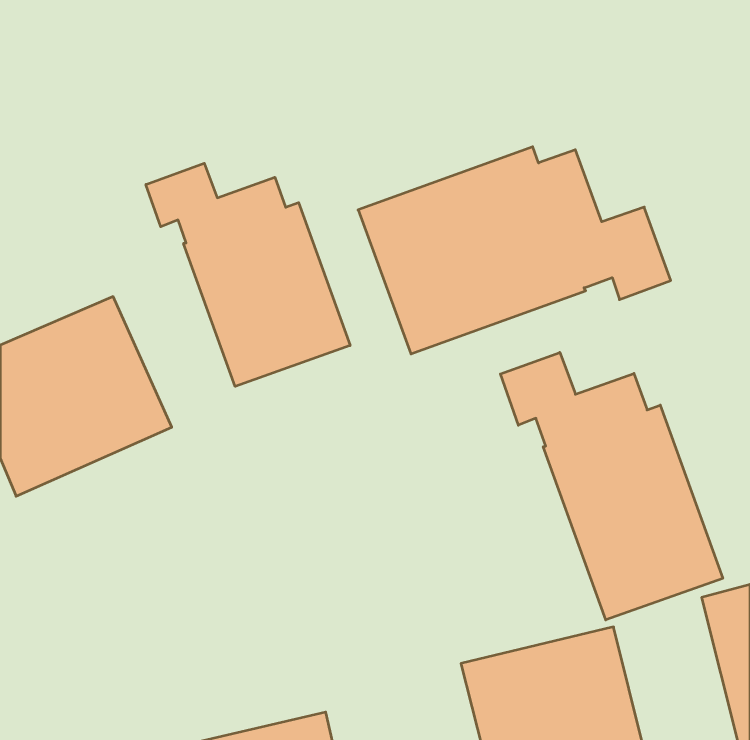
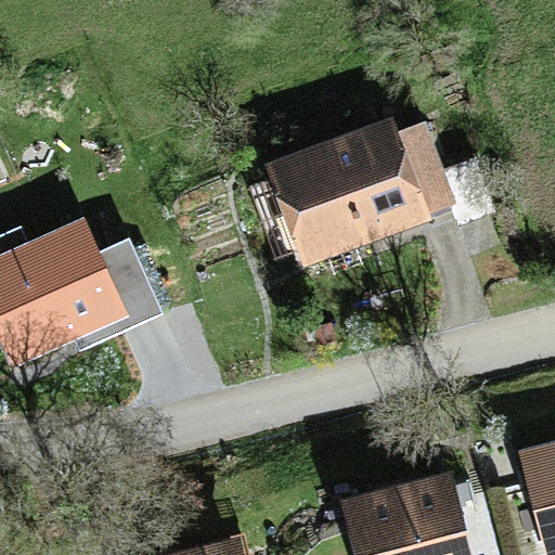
building: [146,163,350,386] -> none
building: [500,352,723,620] -> none

